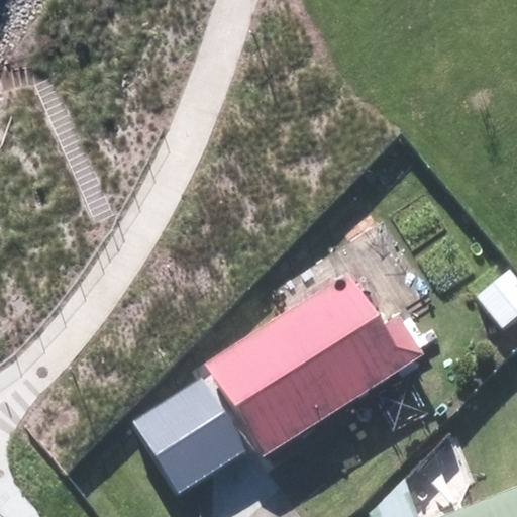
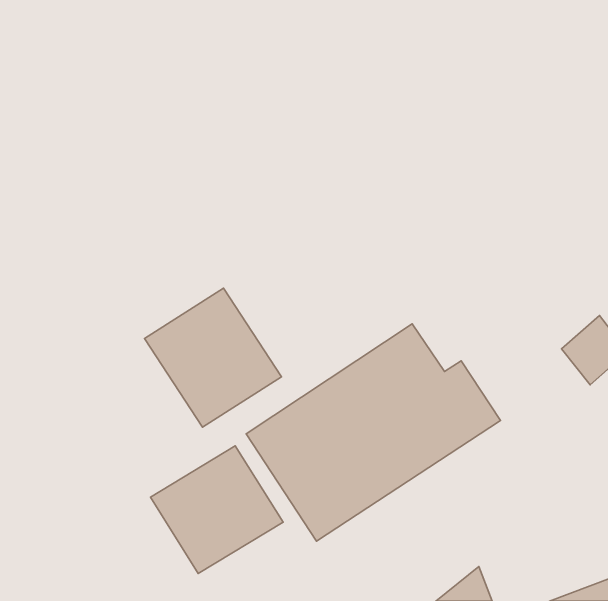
building: none -> [144,288,281,427]

